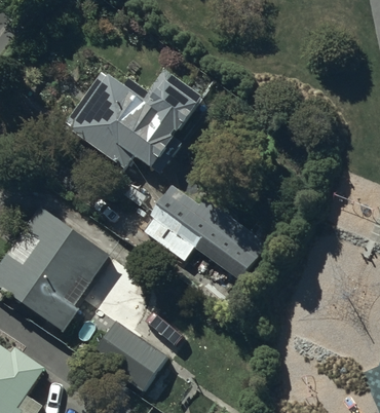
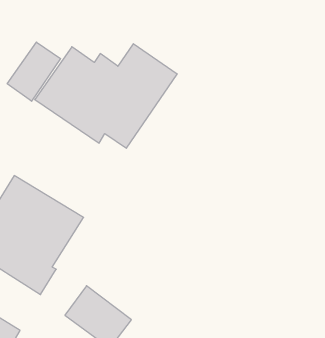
building: none -> [7,42,61,101]
building: [143,179,264,277] -> none

